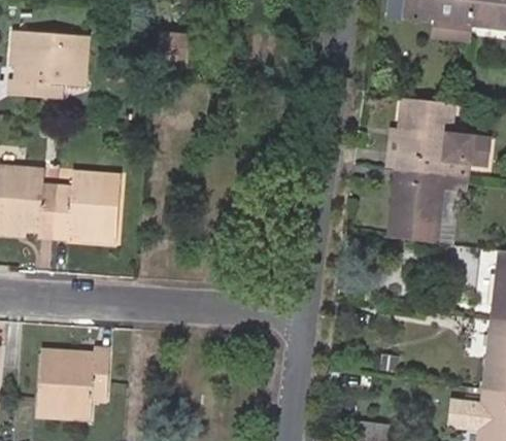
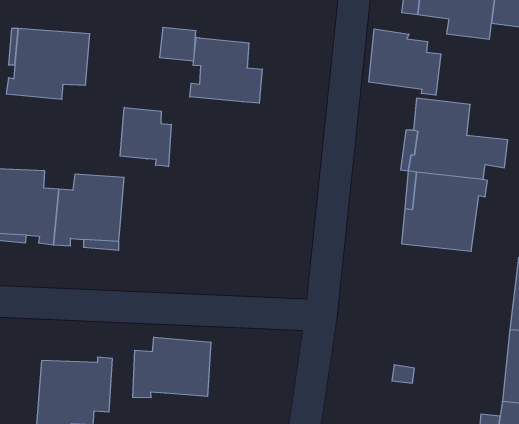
building: none -> [369,29,441,95]
building: none -> [190,37,262,103]
building: none -> [120,107,171,167]
building: none -> [133,337,211,398]

